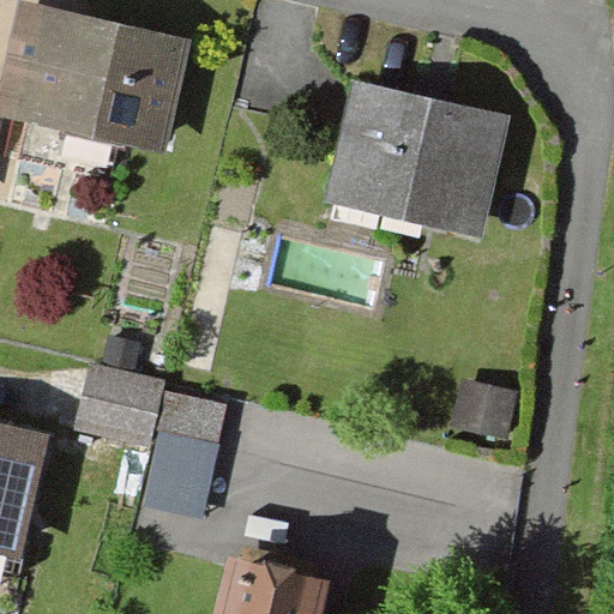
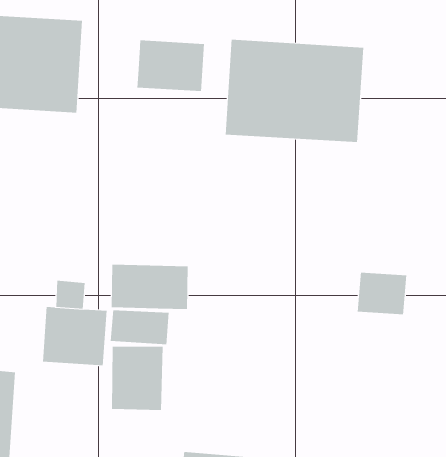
building: none -> [137,40,205,92]
building: none -> [111,264,188,310]

